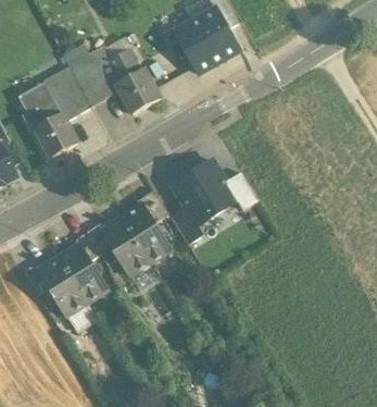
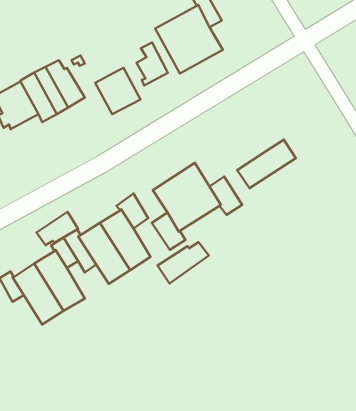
building: [110,41,140,83] -> [136,42,168,85]
building: [36,113,78,157] -> none
building: none -> [237,139,296,188]
building: none -> [37,212,78,245]
building: none -> [158,242,209,284]

